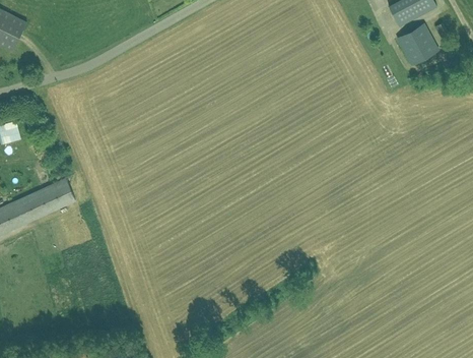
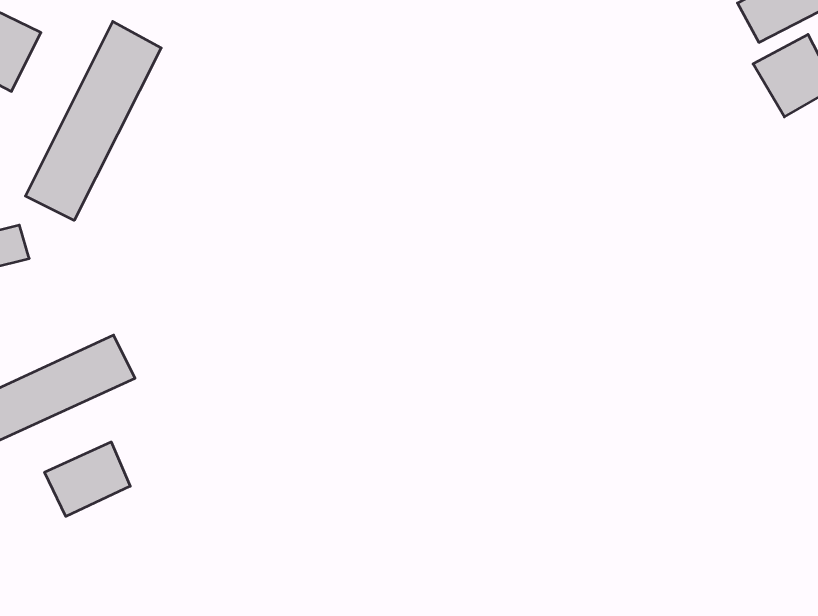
building: none -> [25,21,161,220]
building: none -> [45,442,130,516]

